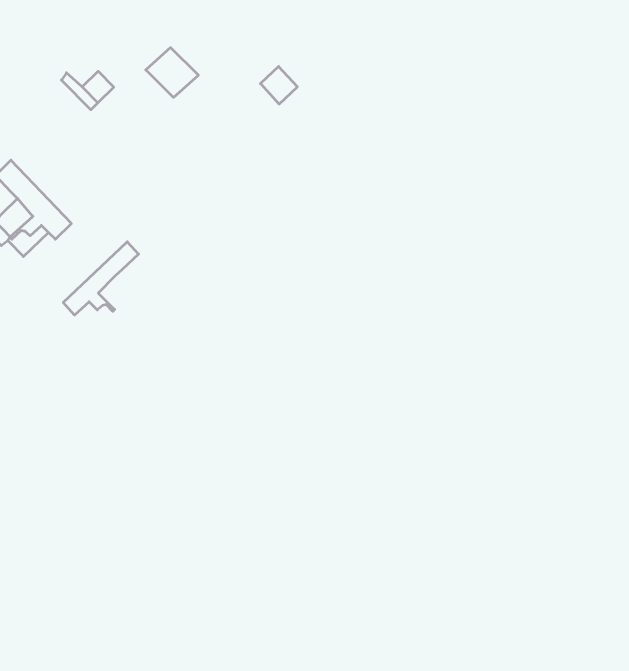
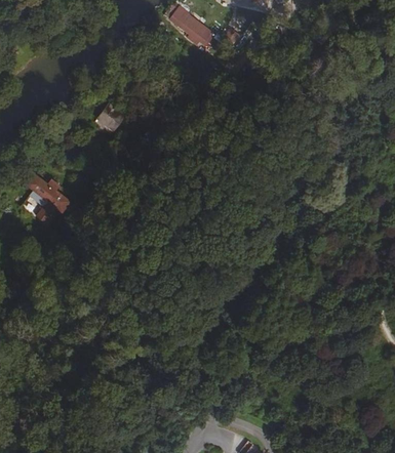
building: [63,242,139,315] -> none

